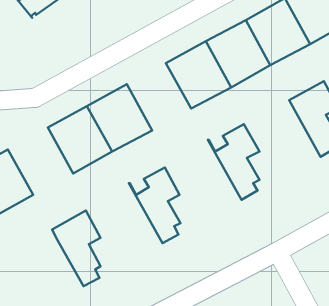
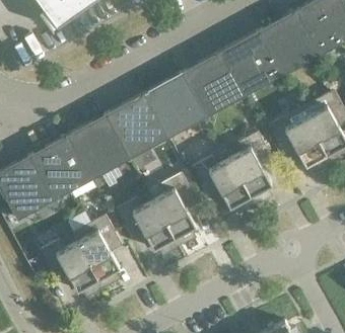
building: none -> [145,72,207,137]
building: none -> [269,107,332,171]
building: none -> [30,134,93,198]
building: none -> [193,146,256,213]
building: none -> [116,187,180,254]
building: none -> [40,239,103,296]

